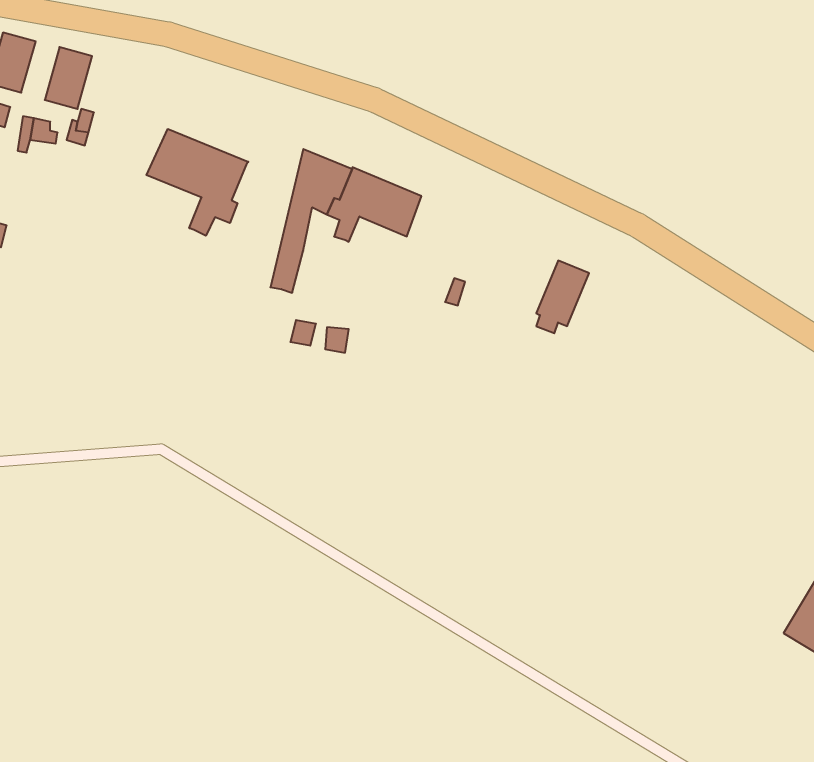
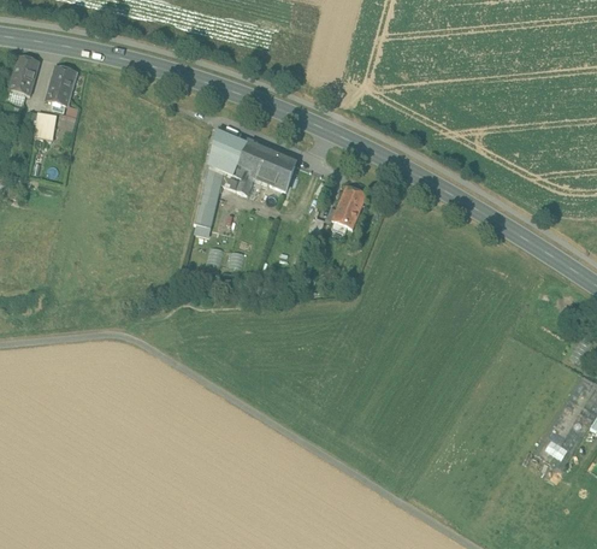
building: [146,129,248,236] -> none
building: [536,261,589,333] -> [333,184,368,232]

